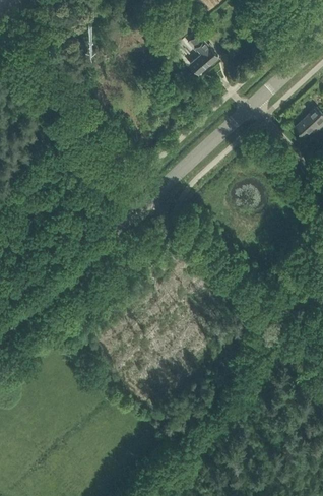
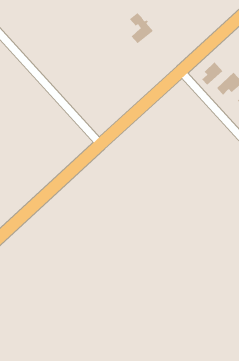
building: none -> [201,62,223,86]

